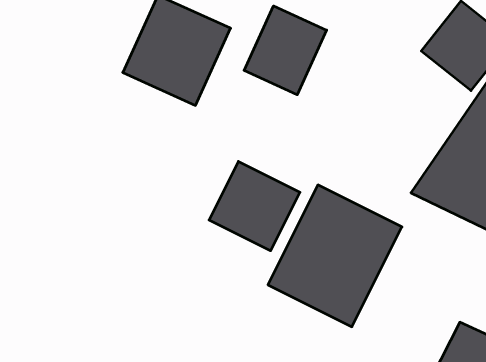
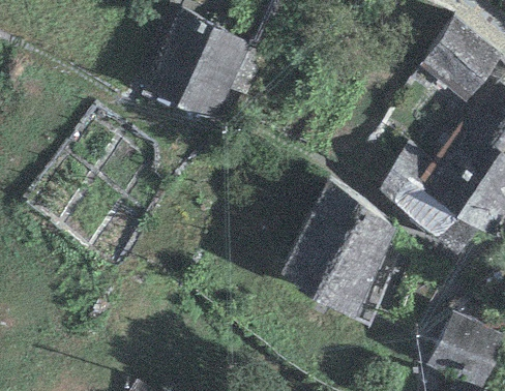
building: [244,6,327,95] -> none
building: [209,161,300,251] -> none

